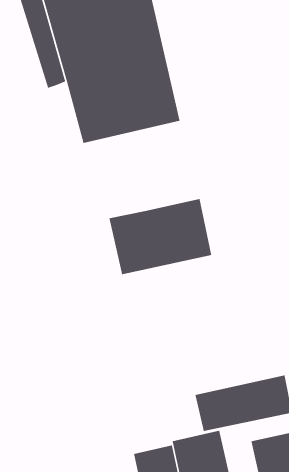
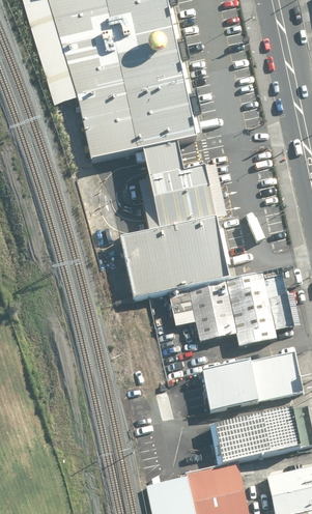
building: none -> [142,143,217,230]
building: none -> [169,268,293,345]
building: none -> [202,351,303,410]

